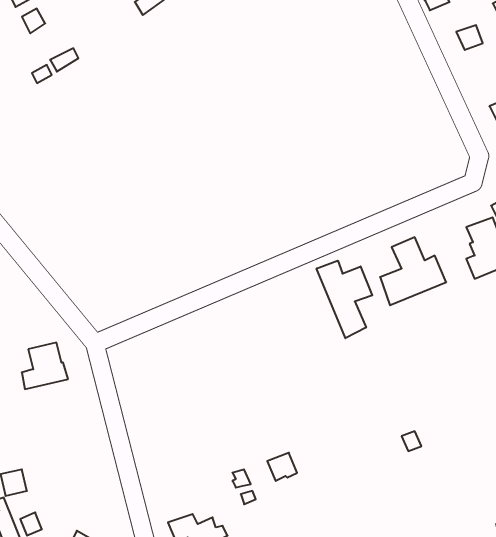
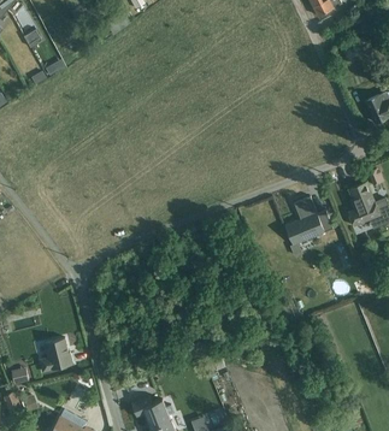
building: [317,261,372,338] -> none
building: [22,343,68,389] -> [39,338,72,372]

